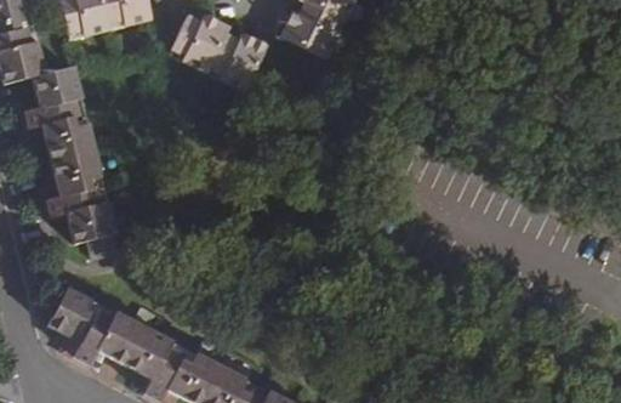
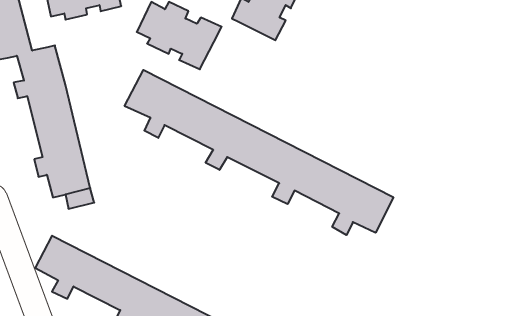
building: none -> [125,70,393,235]

